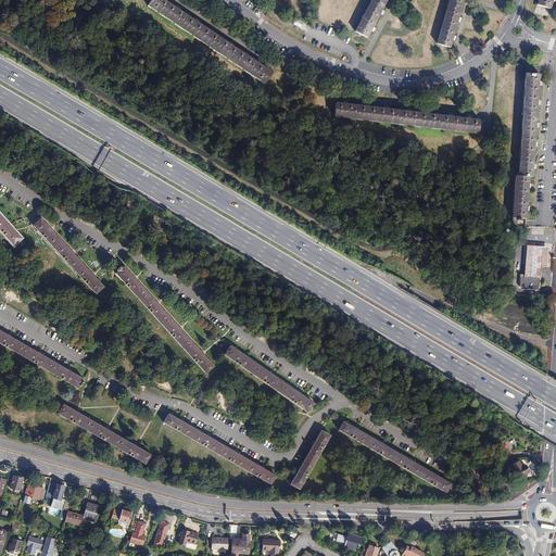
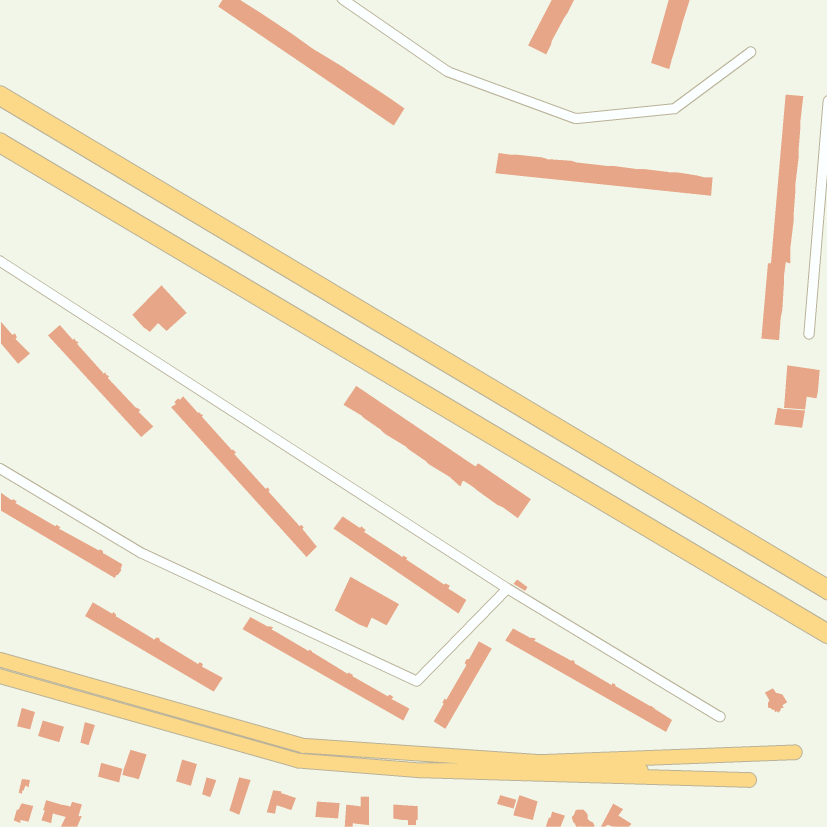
building: none -> [131,284,187,333]
building: none -> [342,385,532,519]
building: none -> [334,576,400,629]

